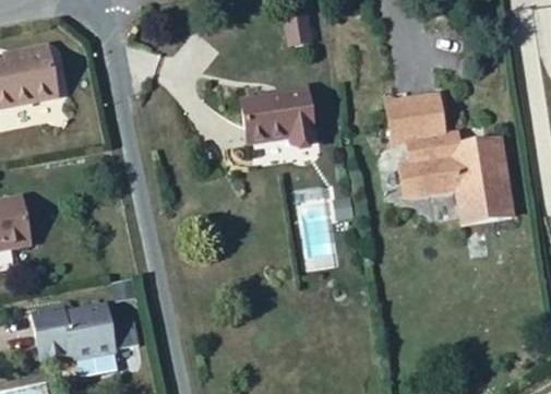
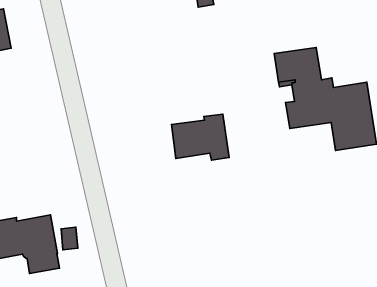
building: [242,86,314,144] -> [171,114,229,160]

